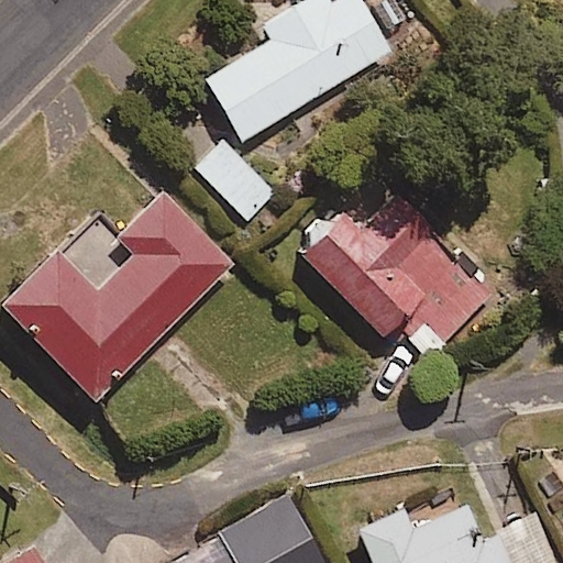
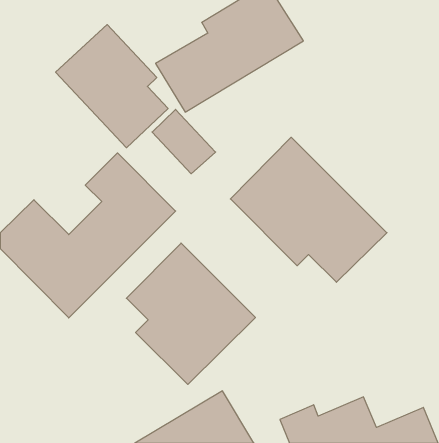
building: none -> [56,25,168,148]
building: none -> [126,243,255,384]

